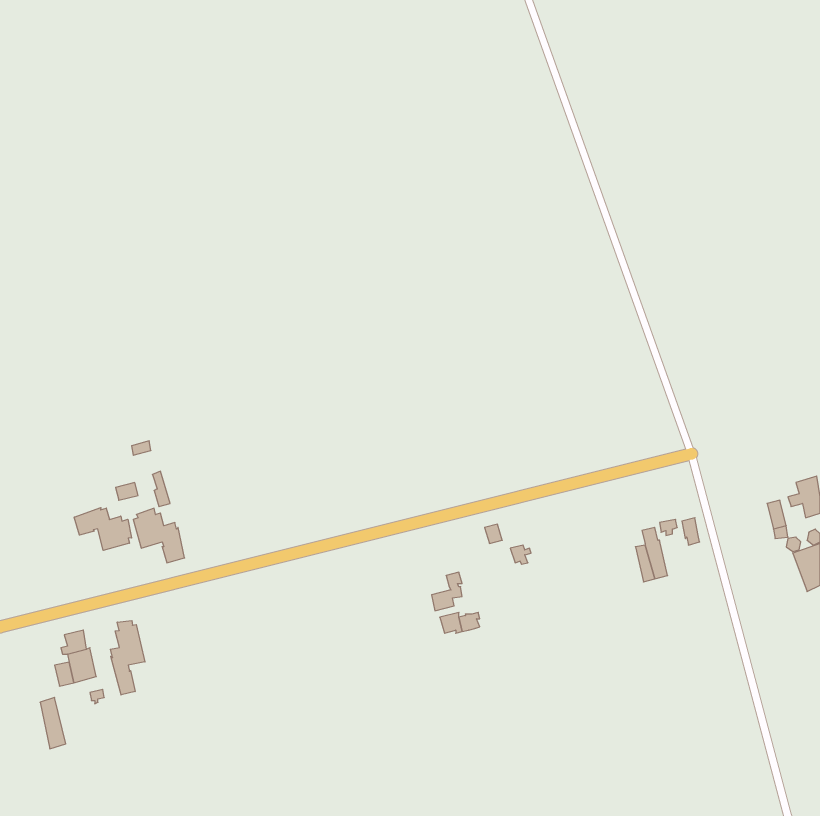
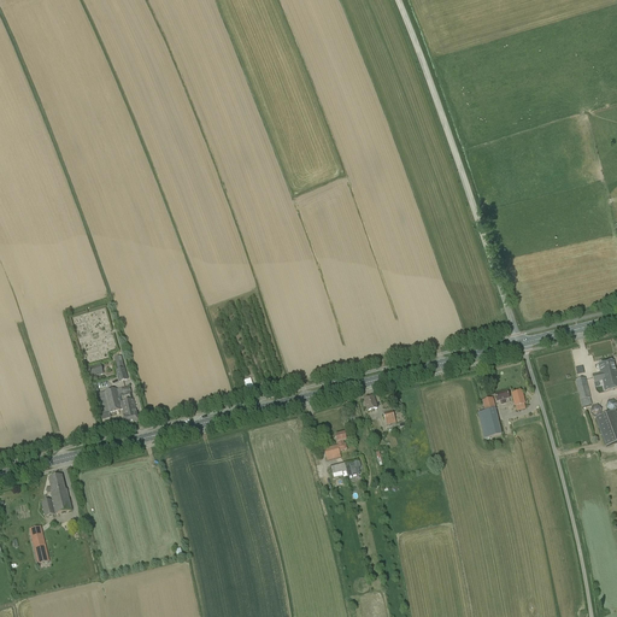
building: [74,508,132,550] -> none
building: [110,621,145,695] -> none

